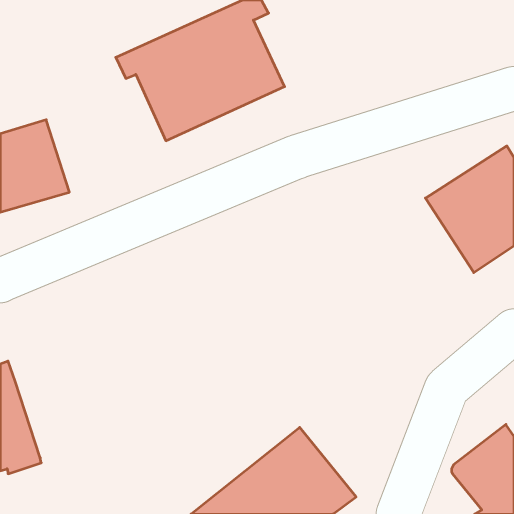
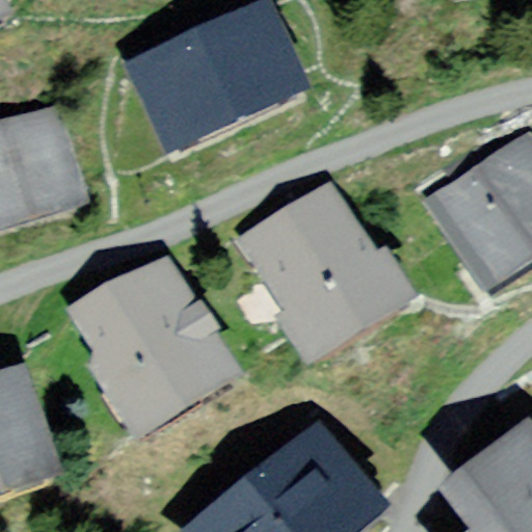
building: none -> [250,195,401,355]
building: none -> [83,270,224,430]

